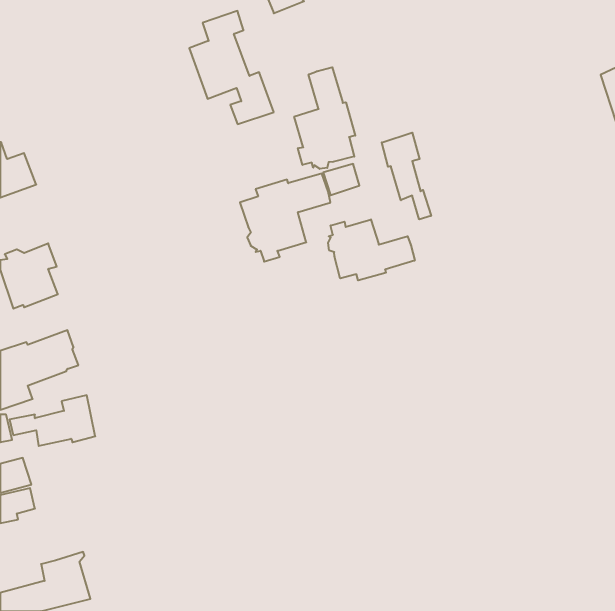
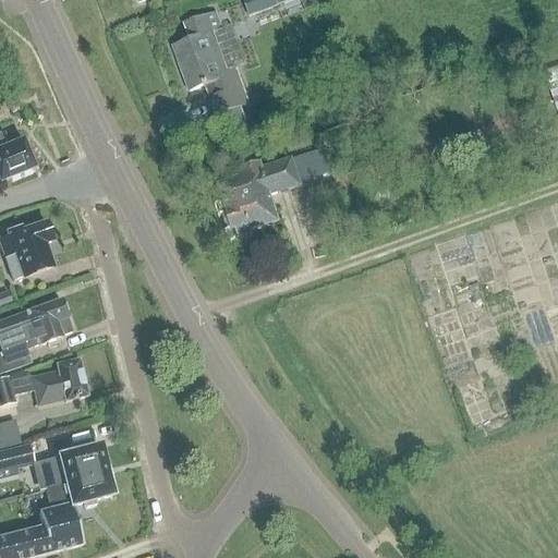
building: [294,67,355,169] -> none
building: [382,133,431,219] -> none
building: [328,219,415,280] -> none
building: none -> [39,446,111,507]

